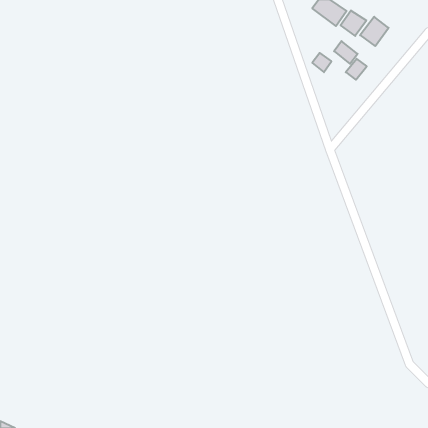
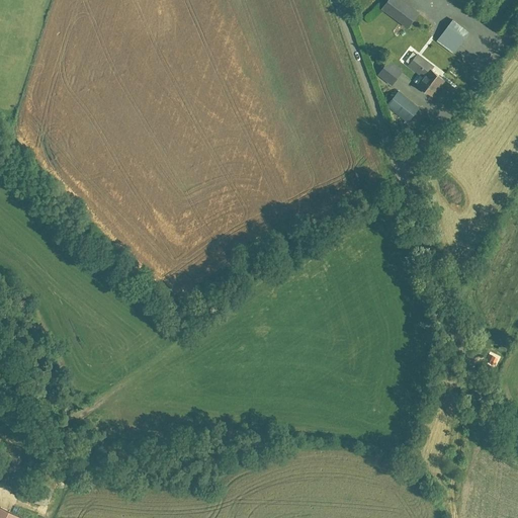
building: [341,10,366,36] -> none
building: none -> [387,91,418,121]

